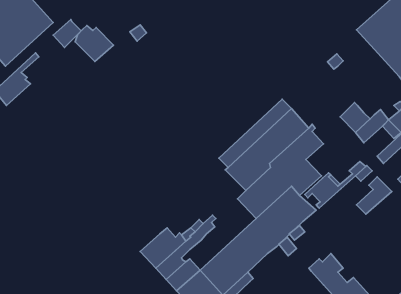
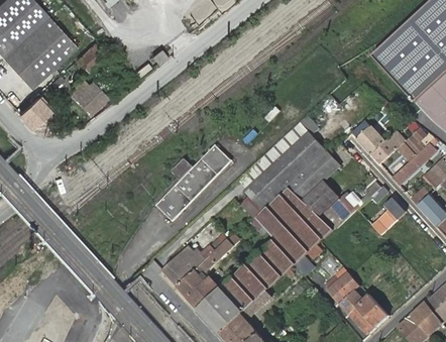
building: [75,25,114,62] -> [71,79,108,114]
building: none -> [156,144,233,223]

